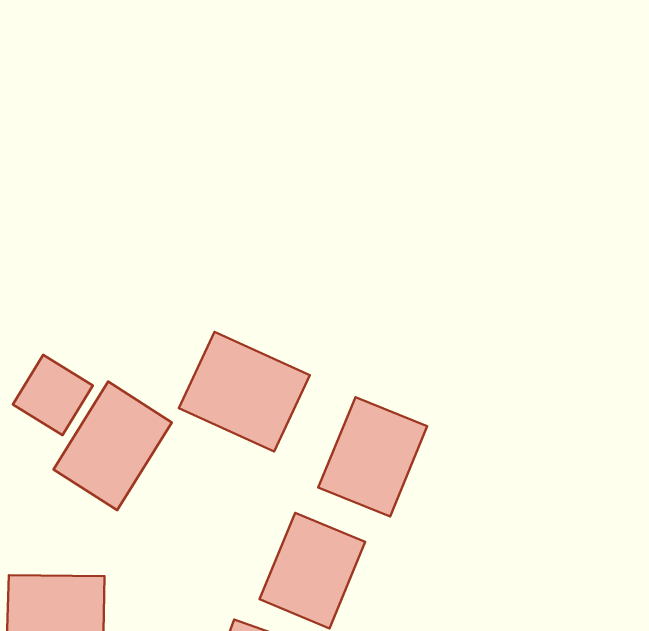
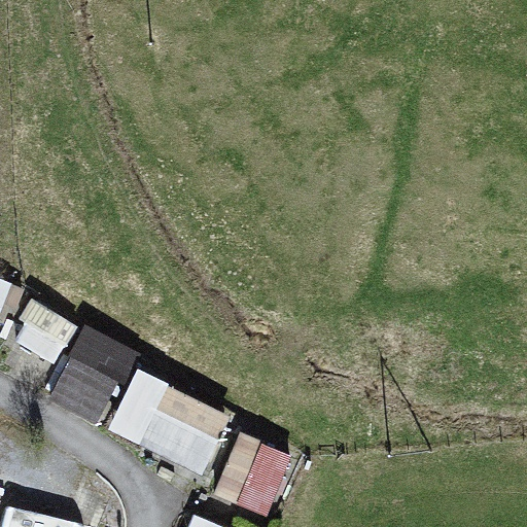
building: [179,332,310,451] -> [126,379,232,476]
building: [318,397,427,516] -> none

